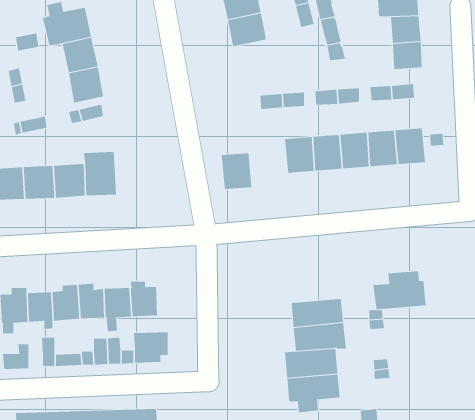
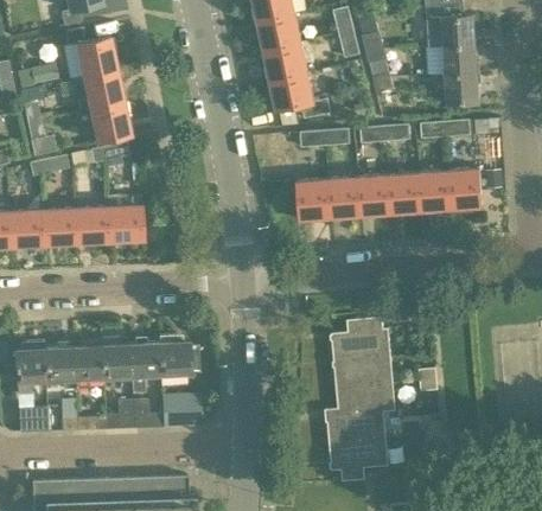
building: none -> [269,71,330,119]
building: [221,153,252,189] -> [295,180,330,221]
building: [372,271,426,310] -> [330,318,389,360]

